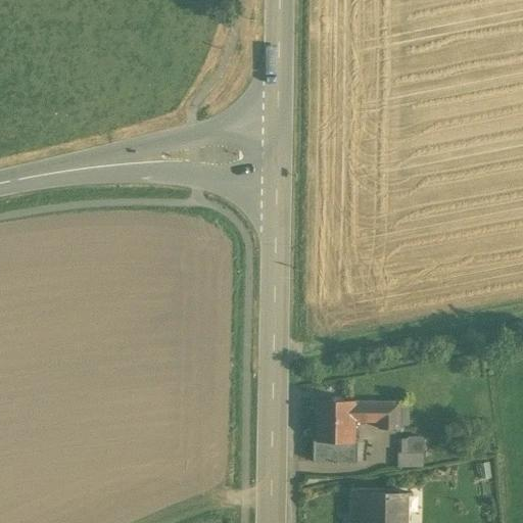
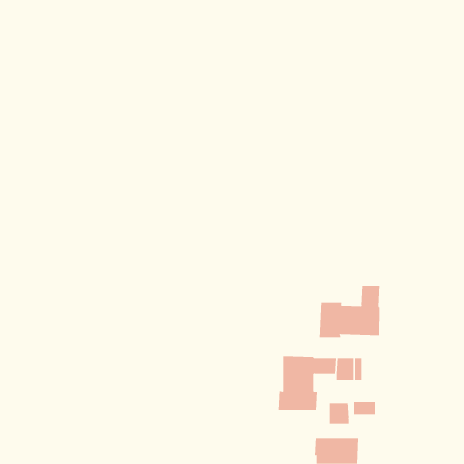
building: none -> [319,285,380,338]
building: none -> [329,402,349,424]

